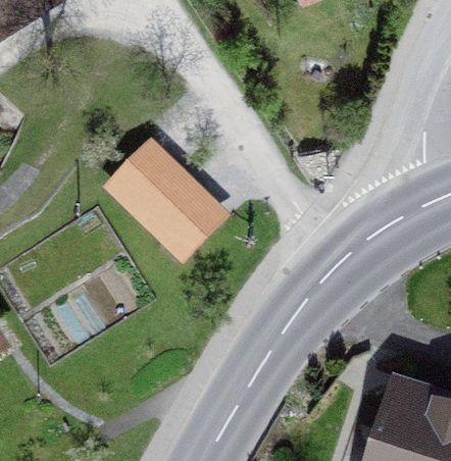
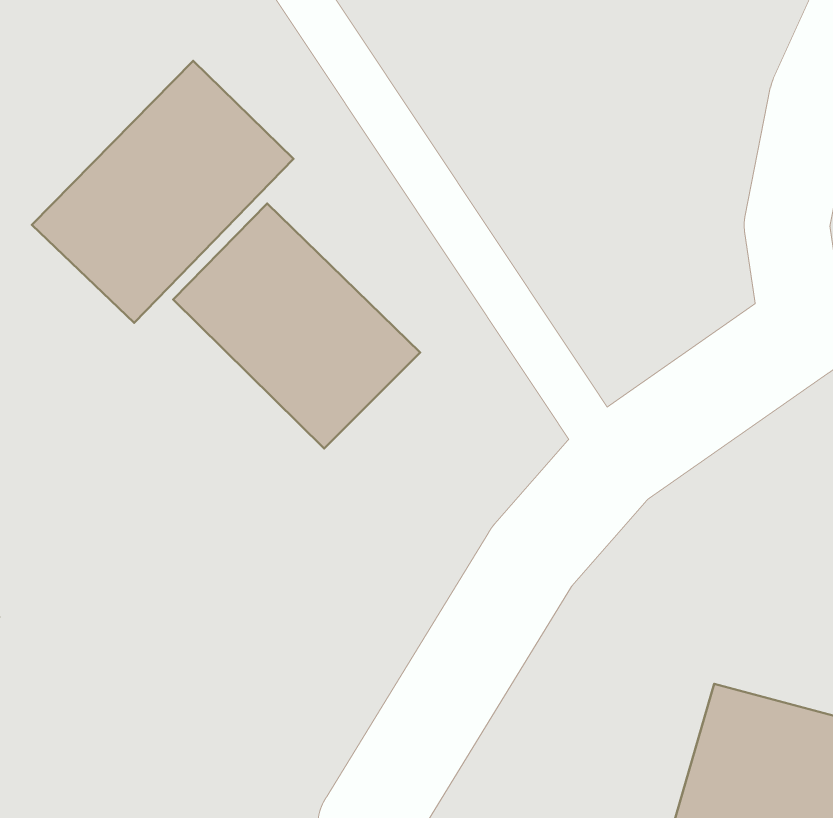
building: none -> [32,61,293,323]

